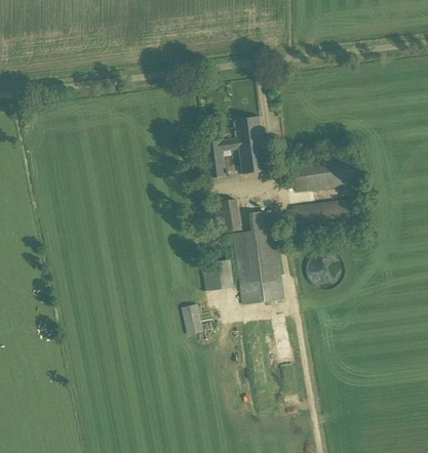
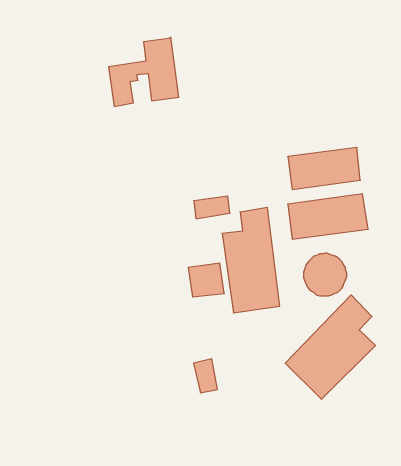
building: [204,116,268,178] -> [109,37,179,106]
building: none -> [285,295,375,399]
building: [181,303,202,334] -> [194,359,217,393]

